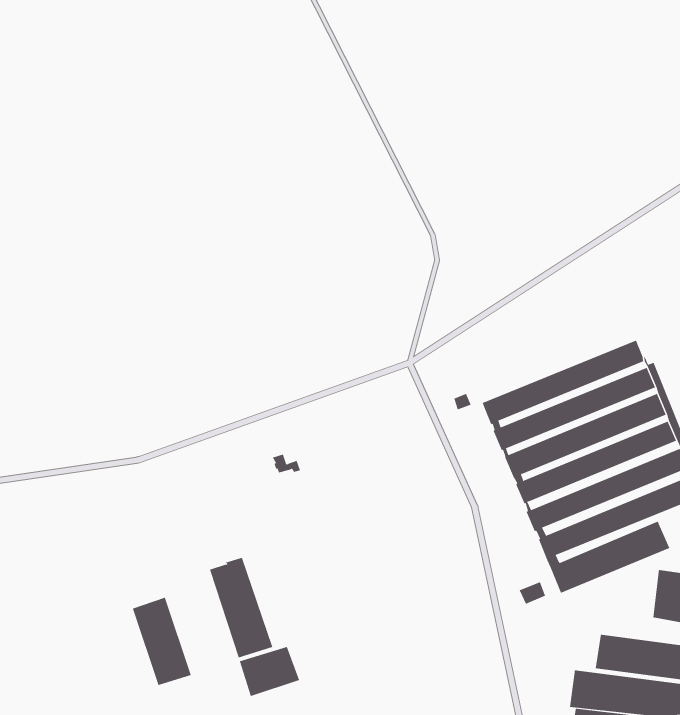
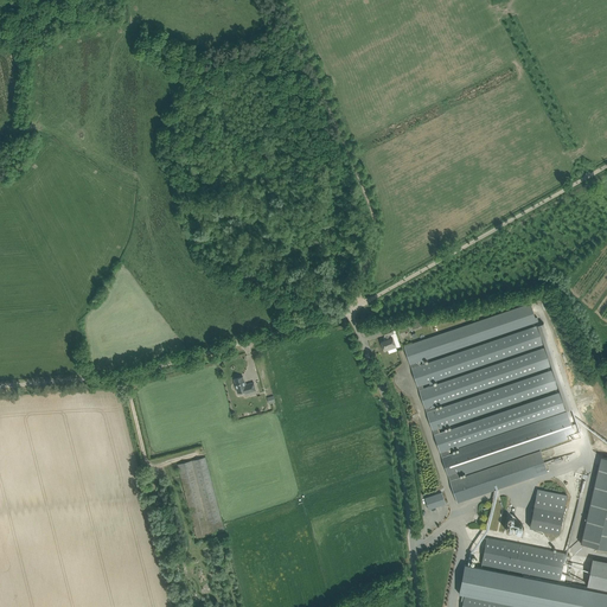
building: [132,597,191,686] -> none
building: [239,646,300,697] -> none

